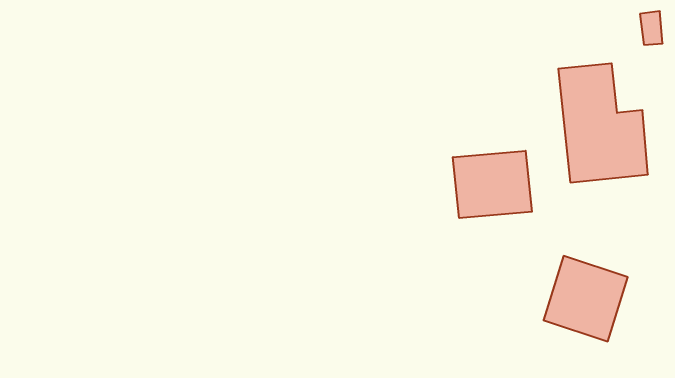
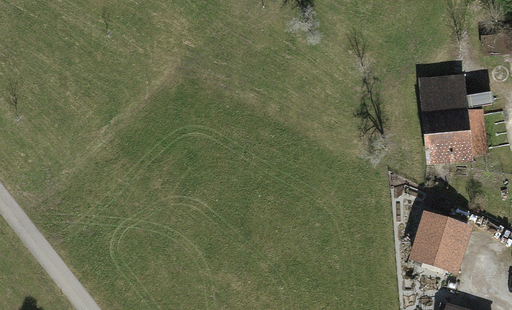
building: [453,151,532,218] -> none

